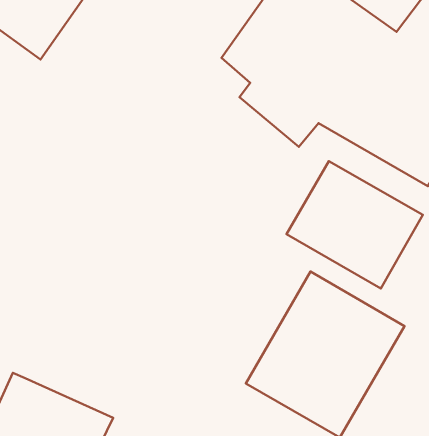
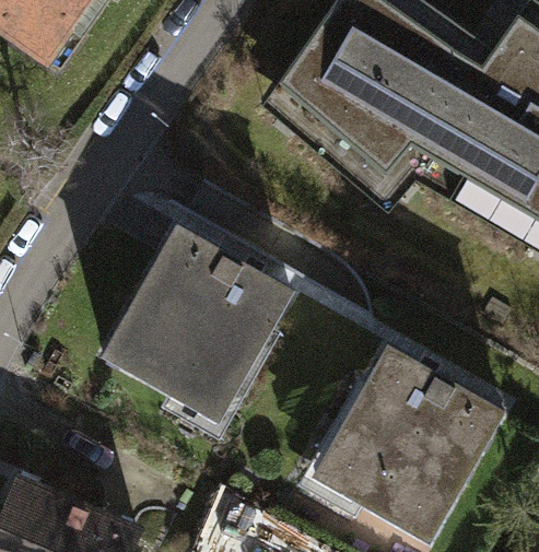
building: [287,161,423,289] -> none
building: none -> [95,219,292,424]

